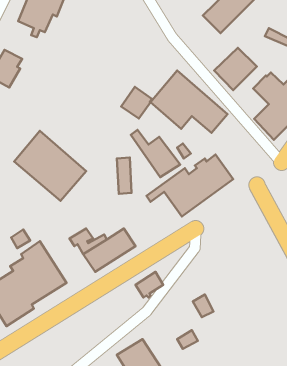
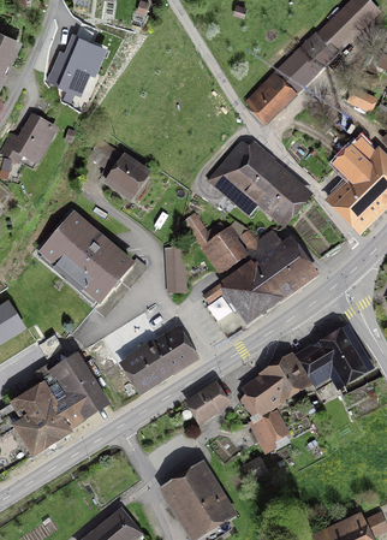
building: [214,48,257,90] -> [244,73,296,125]
building: [121,87,152,118] -> [109,155,147,194]
building: none -> [297,333,365,388]
building: none -> [239,358,305,420]

